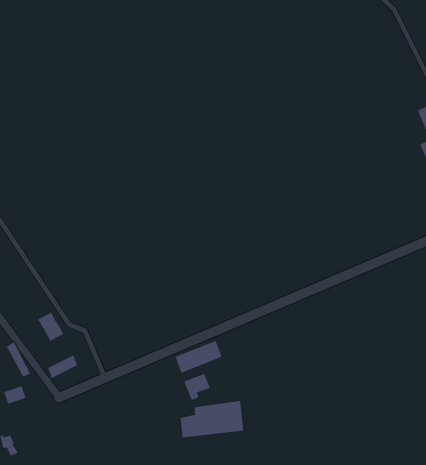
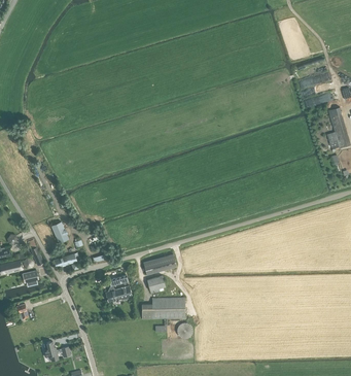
building: none -> [104,275,131,302]

